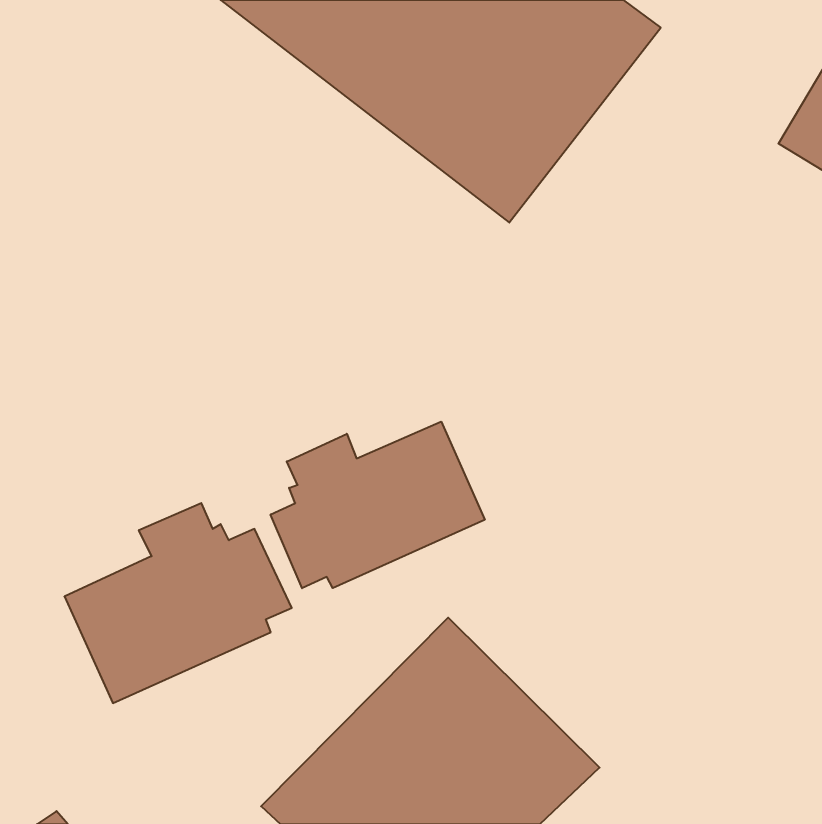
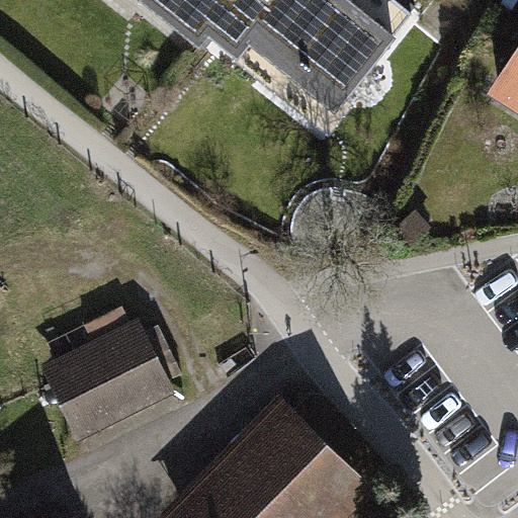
building: [271,422,485,588] -> none

